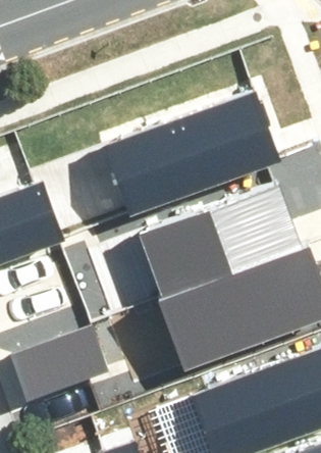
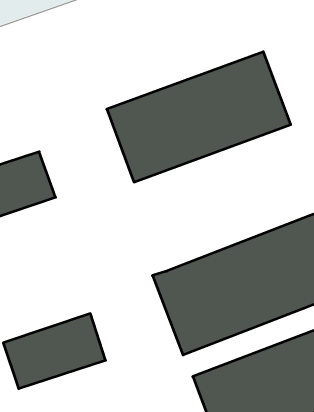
building: [142,185,298,294] -> none

